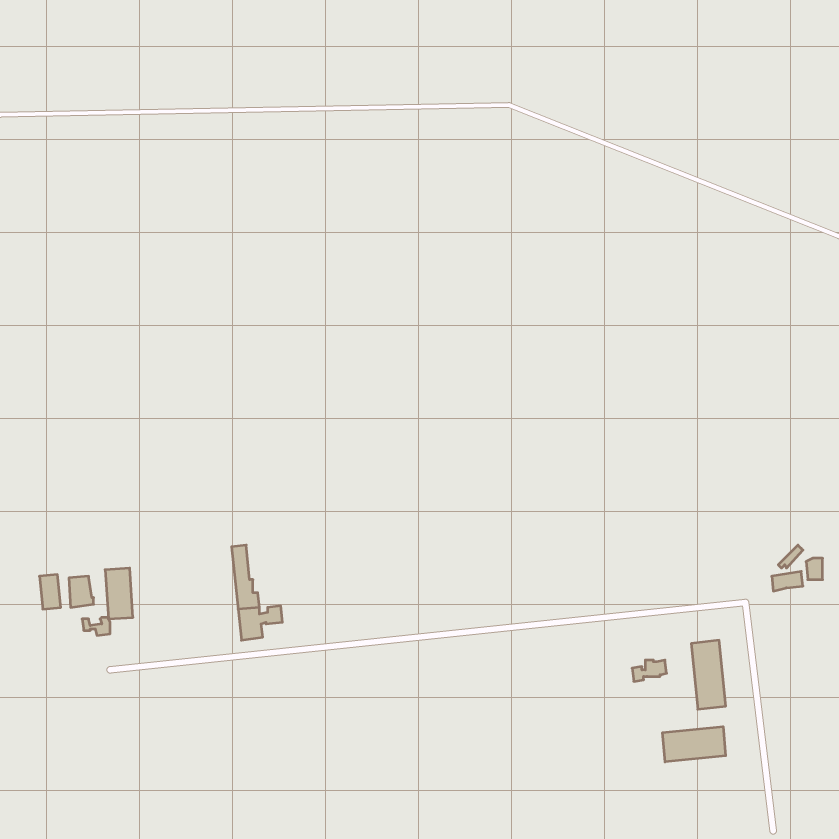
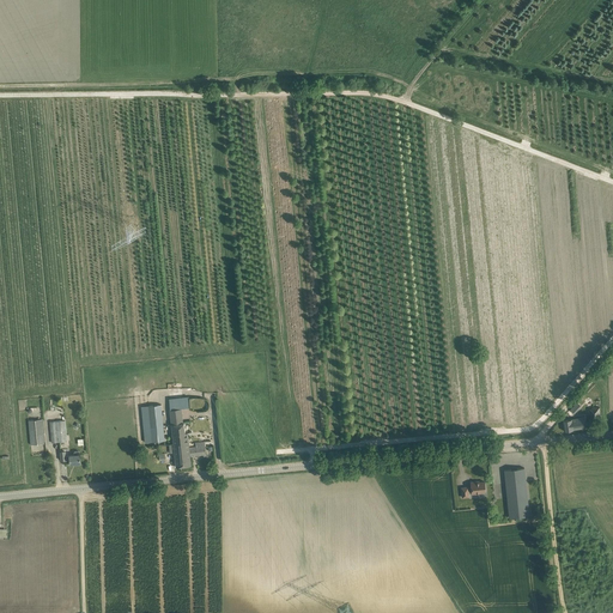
building: [105,568,133,619] -> [144,405,164,442]
building: [663,727,726,762] -> none

